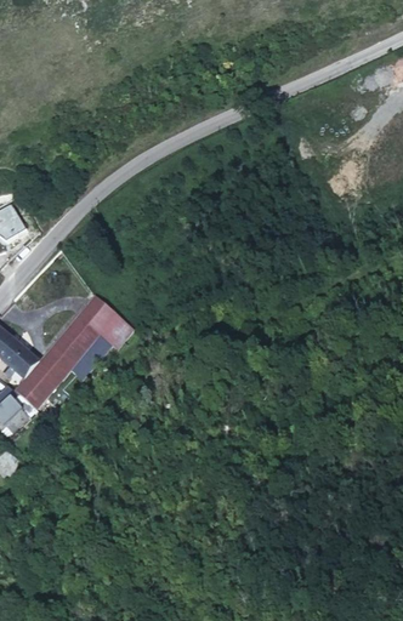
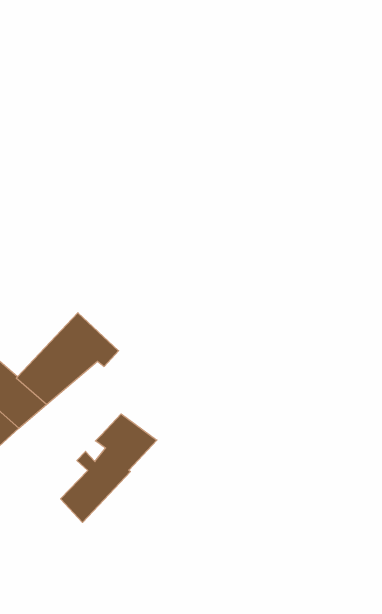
building: none -> [61,414,157,522]

